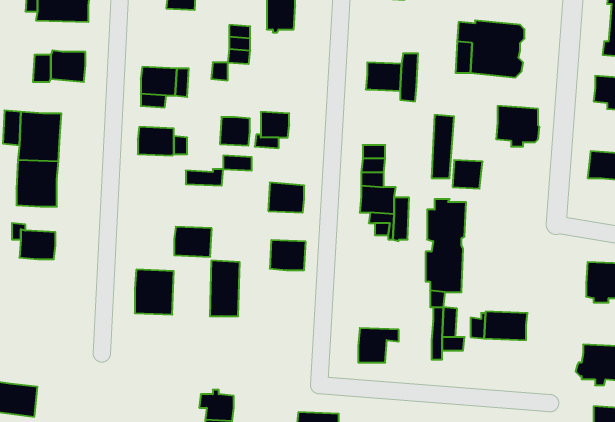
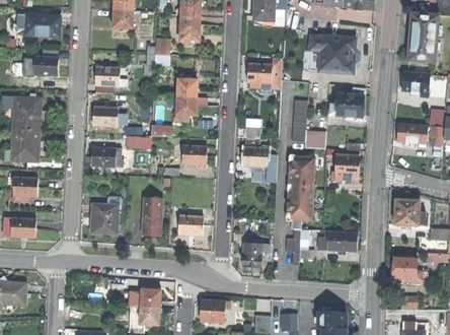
building: [220,117,250,146] -> [176,78,197,97]
building: none -> [334,154,359,180]
building: [174,227,212,257] -> [91,146,117,166]
building: [270,240,306,270] -> [178,214,203,234]
building: none -> [11,217,35,238]

